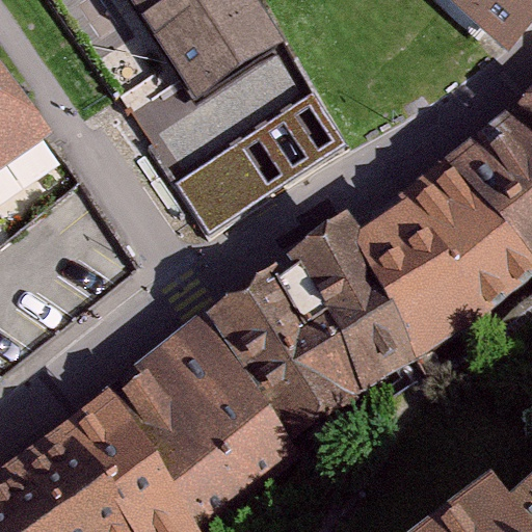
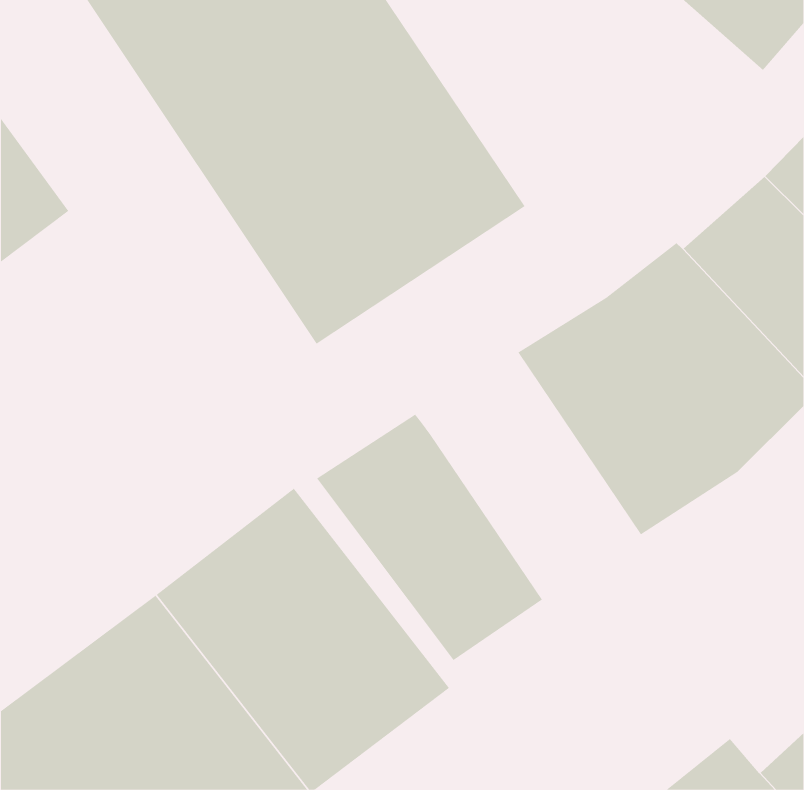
building: [278,233,423,396] -> none

